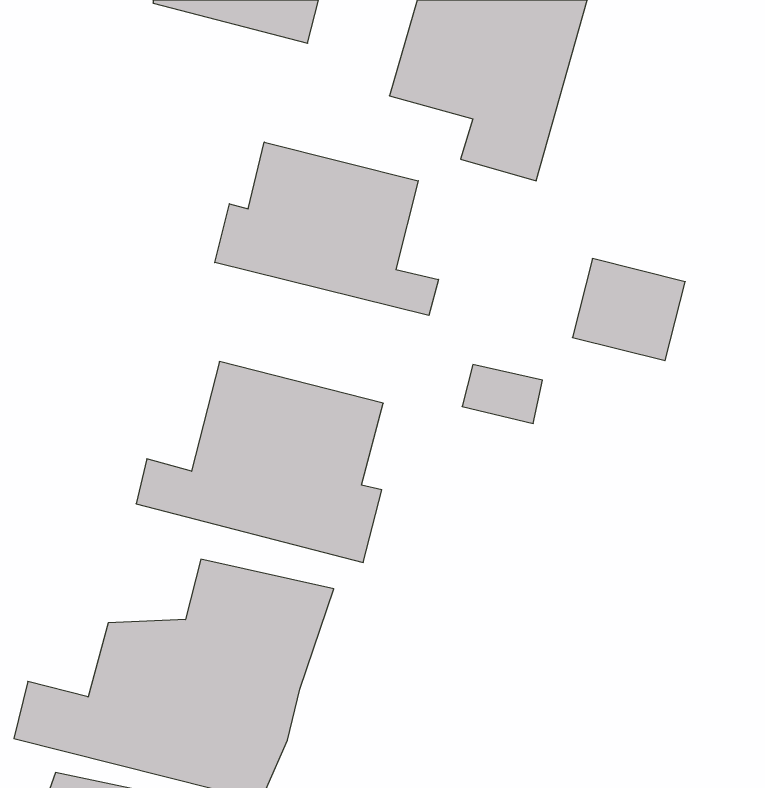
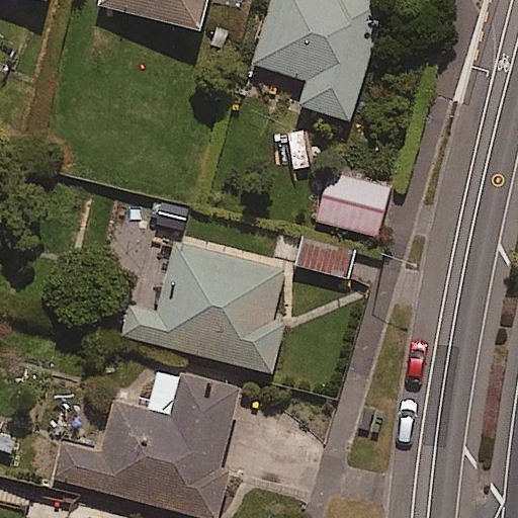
building: [215,142,438,315] -> none
building: [572,259,685,361] -> [312,167,385,234]

